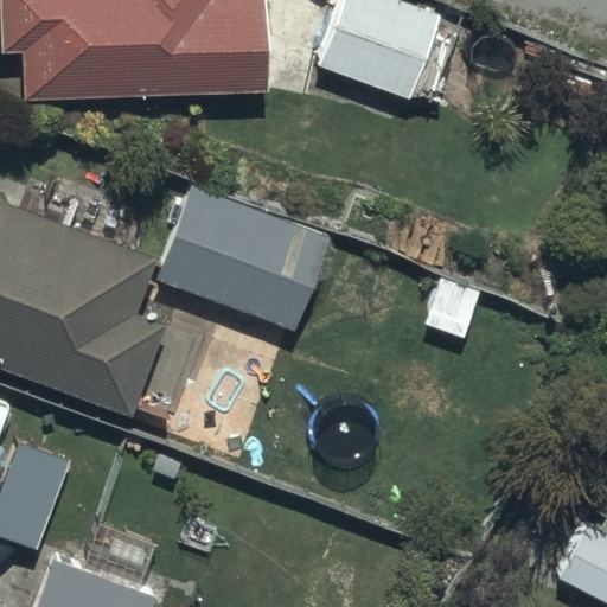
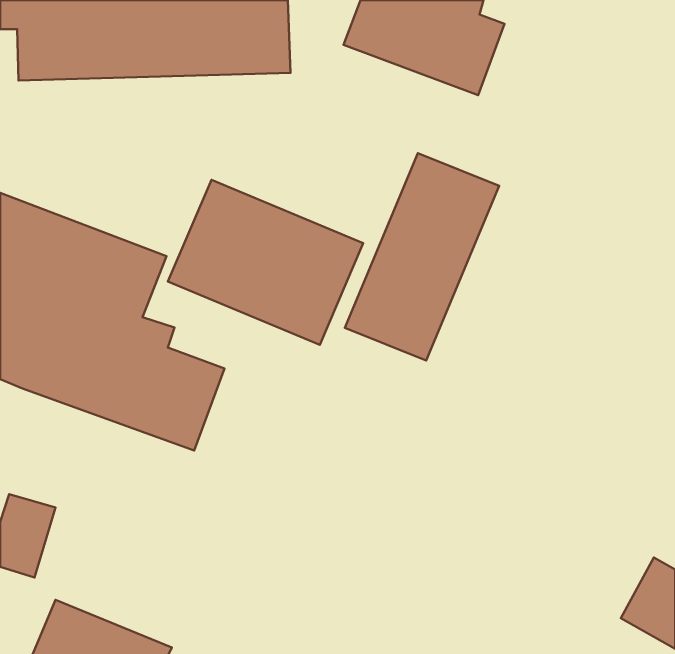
building: none -> [345,153,499,360]

